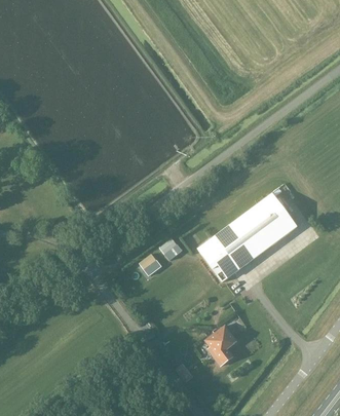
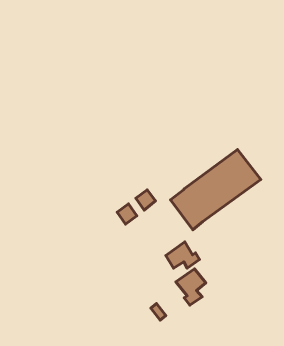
building: none -> [166,242,200,268]

